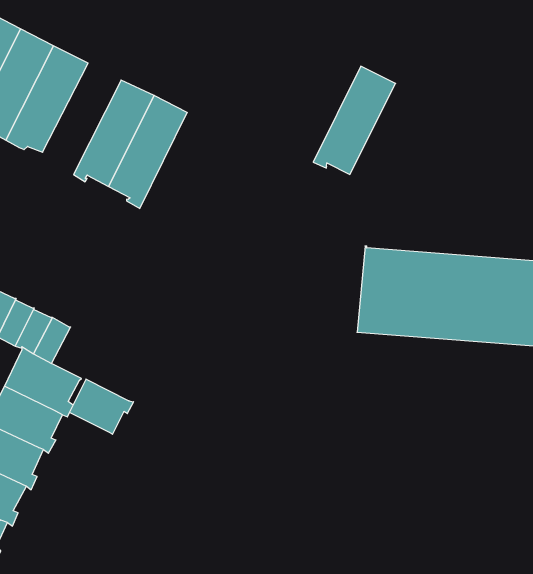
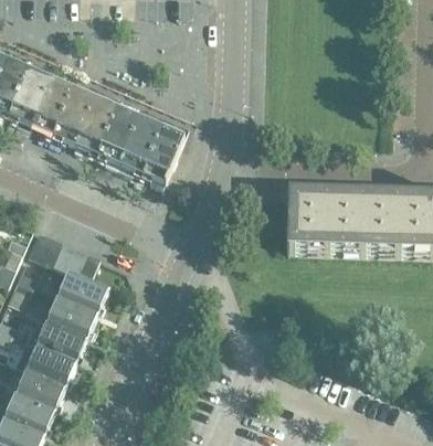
building: none -> [74,83,123,156]
building: [313,66,396,174] -> [139,112,190,182]
building: [70,379,133,434] -> none

